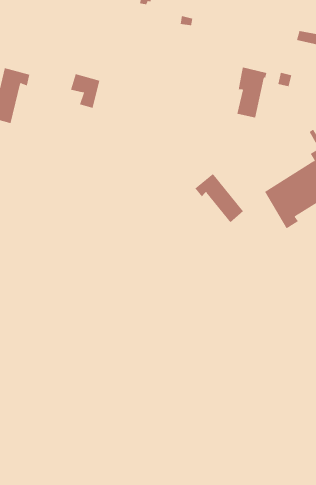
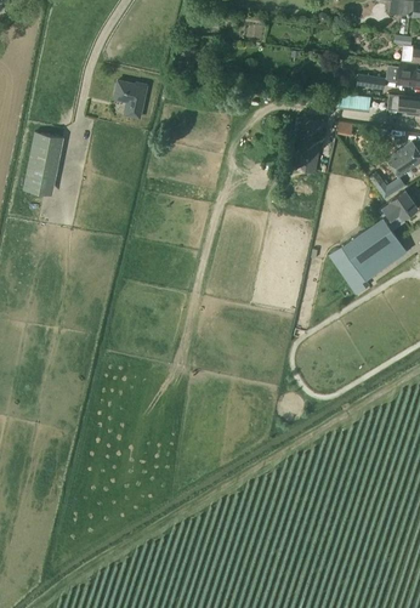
building: [70,74,100,109] -> [114,81,147,119]
building: [195,173,244,223] -> none

